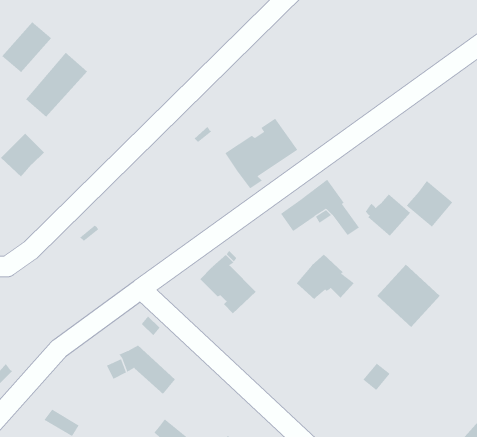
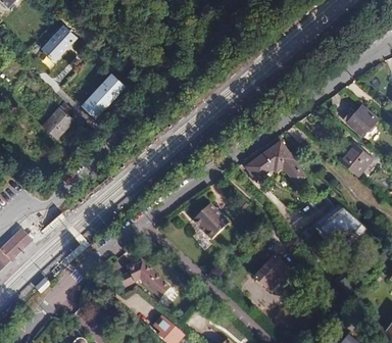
building: [25,52,88,117] -> [82,71,128,119]
building: [225,118,298,189] -> none
building: [365,193,411,237] -> [344,105,378,137]
building: [296,254,355,300] -> [255,257,298,291]

